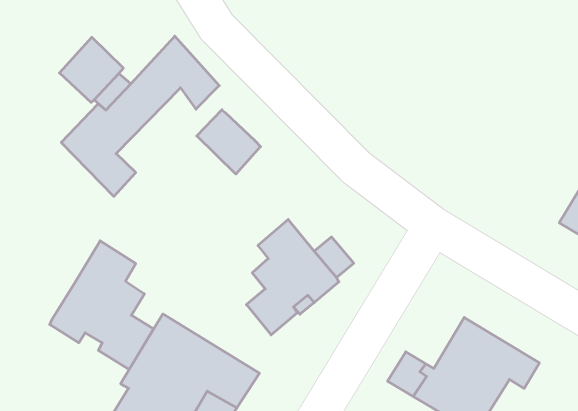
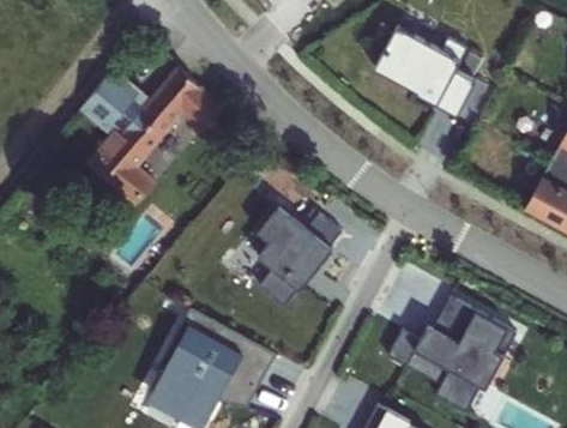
building: none -> [374,35,476,121]
building: [197,110,261,174] -> none
building: [50,241,154,370] -> none

